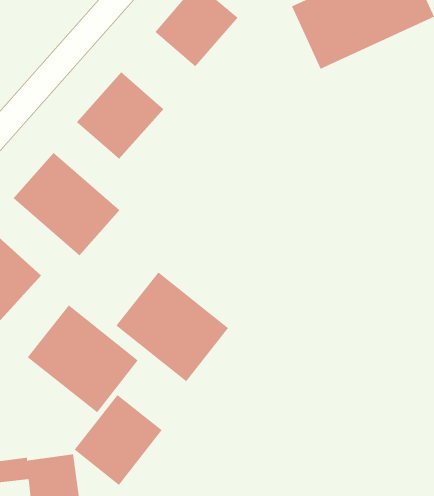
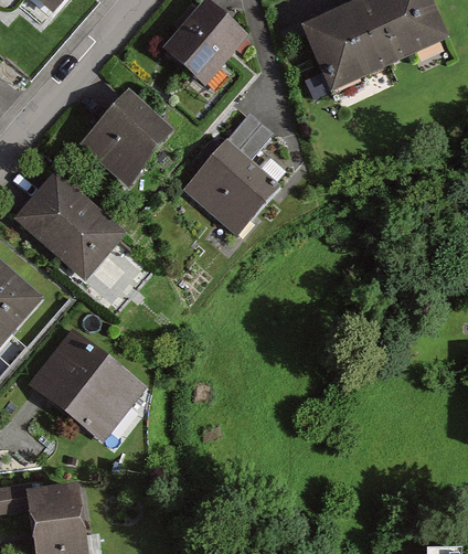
building: none -> [184,111,277,233]
building: [116,272,229,382] -> none
building: [74,394,163,486] -> none

